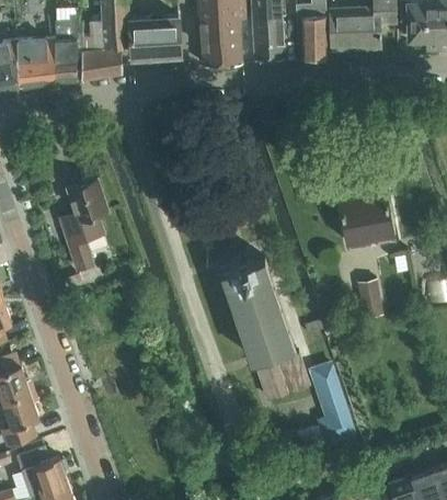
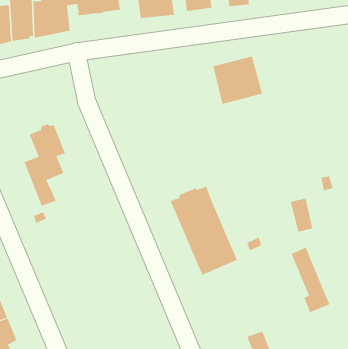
building: [339,191,393,243] -> [213,56,263,104]
building: [255,346,309,399] -> none
building: [312,366,353,441] -> [291,247,330,313]

